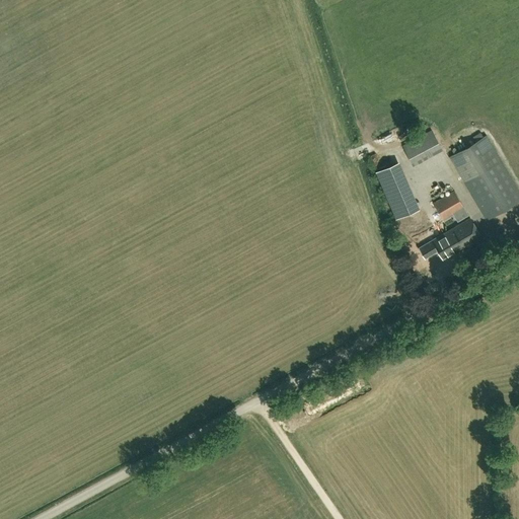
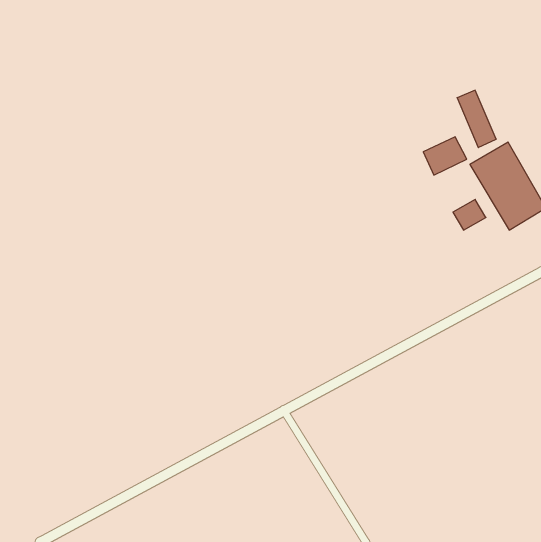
building: [377,164,415,219] -> [457,90,496,148]
building: [430,219,483,261] -> none

